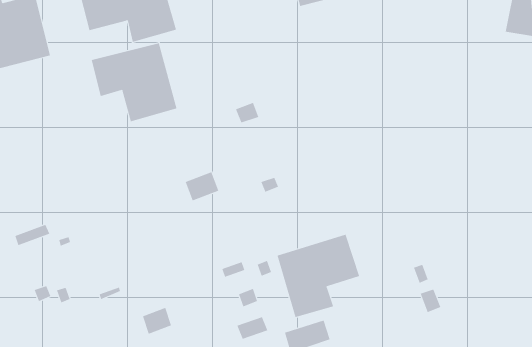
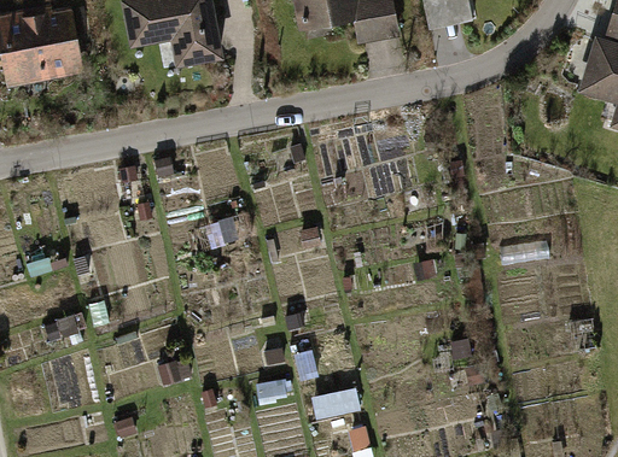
building: [91,42,177,122] -> none
building: [277,234,360,318] -> none

